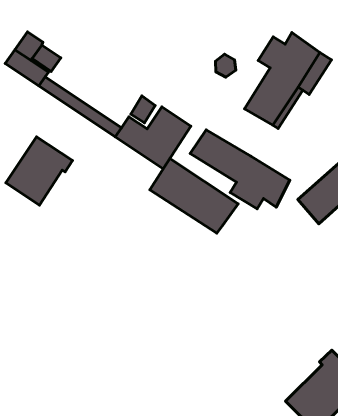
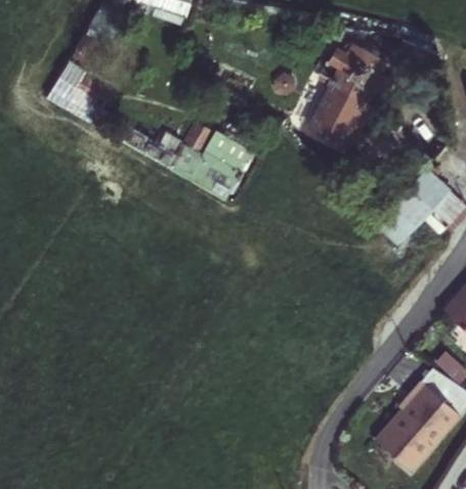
building: [190,130,290,209] -> none
building: [6,137,72,205] -> none
building: [150,159,238,233] -> none

